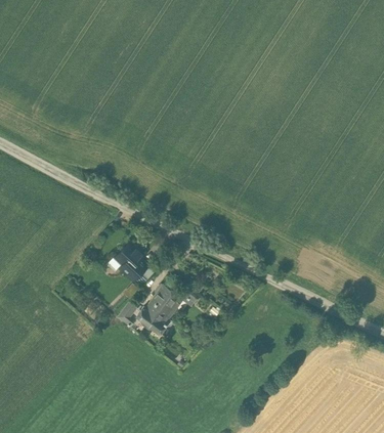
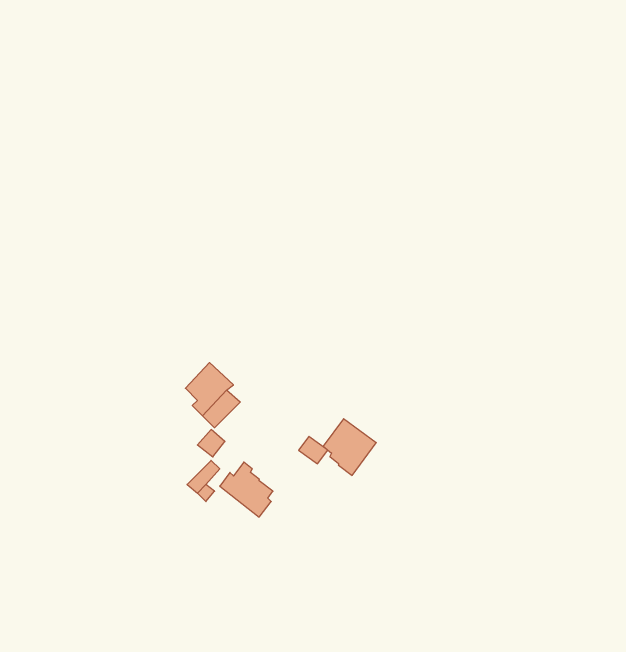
building: [151,284,182,317] -> [323,419,376,475]

